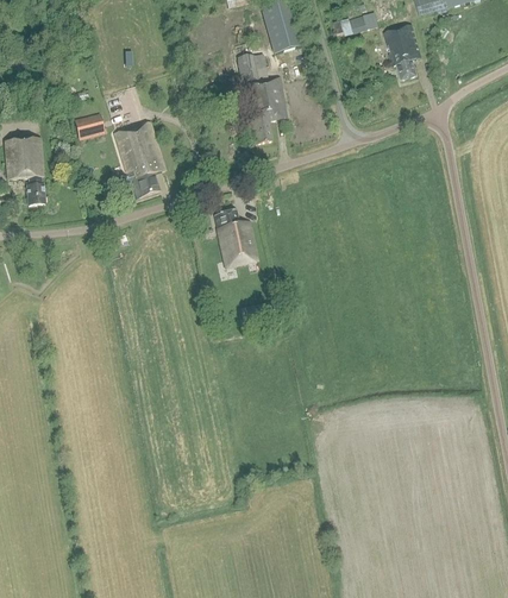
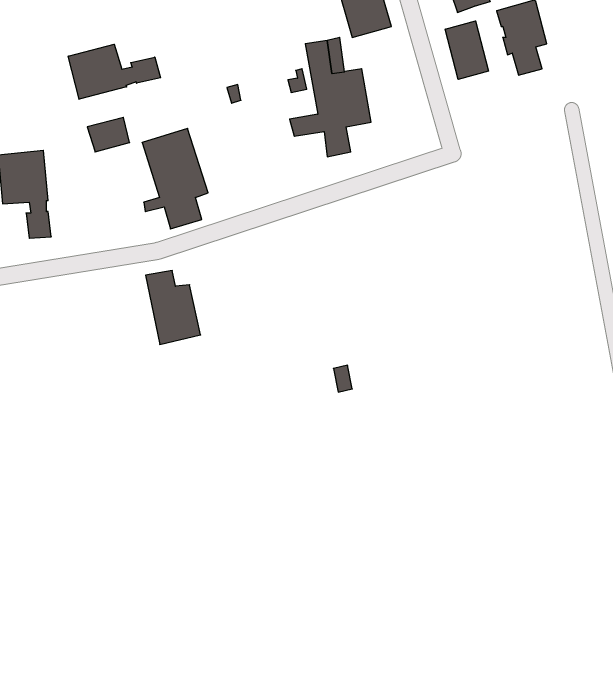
building: none -> [445,21,489,79]
building: none -> [68,44,161,99]
building: [214,209,256,265] -> [146,271,201,344]

